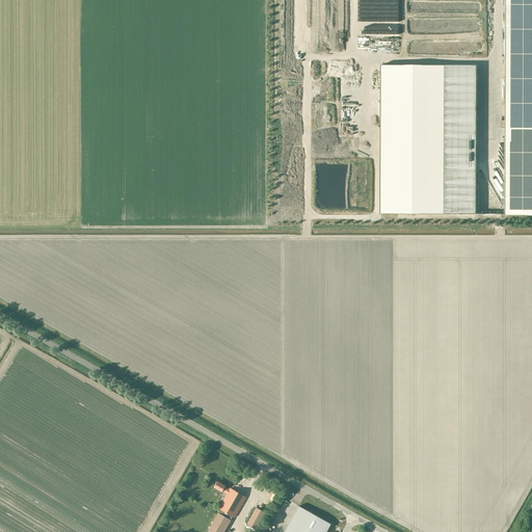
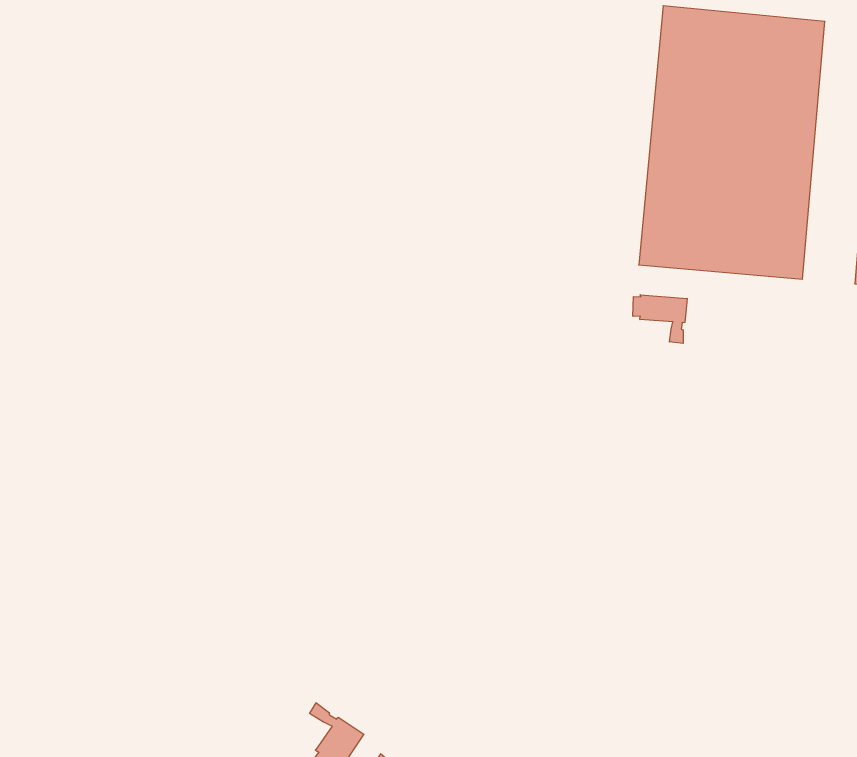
building: none -> [633,295,687,343]

